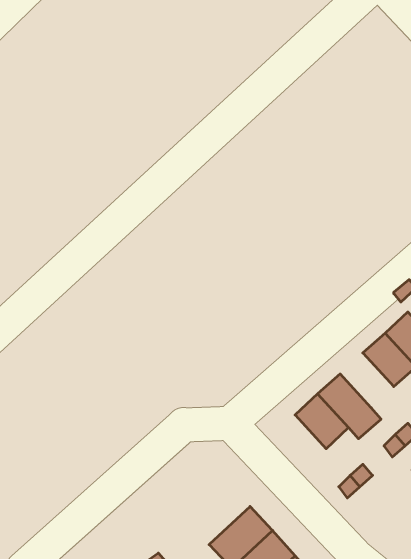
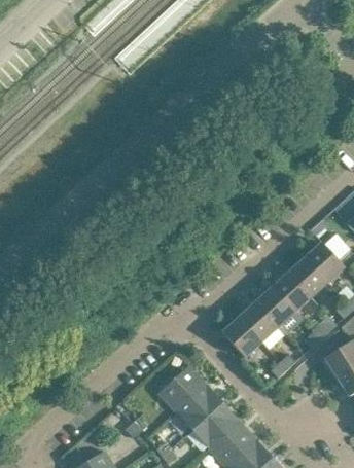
building: none -> [272,273,311,313]
building: none -> [221,318,261,358]
building: none -> [158,365,206,412]

